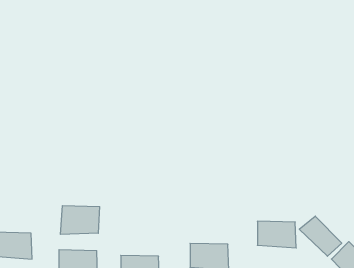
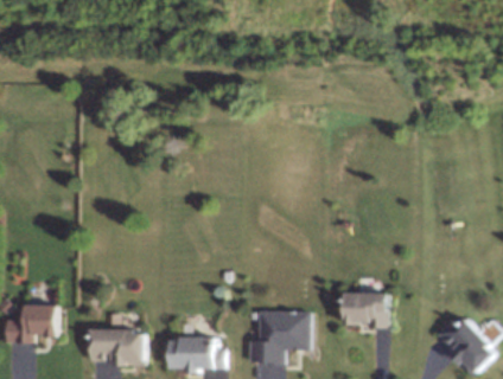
building: [60,206,100,234] -> none
building: [299,216,342,256] -> none

